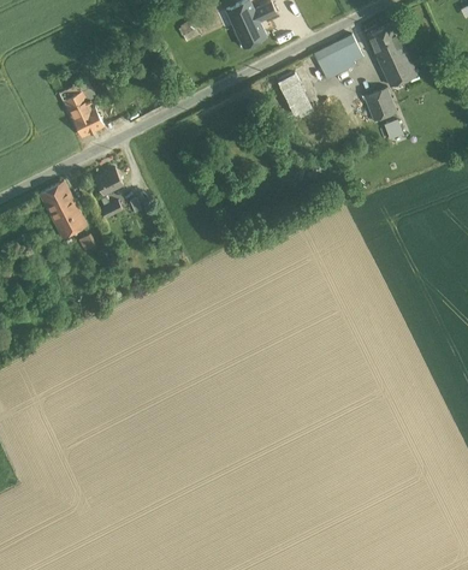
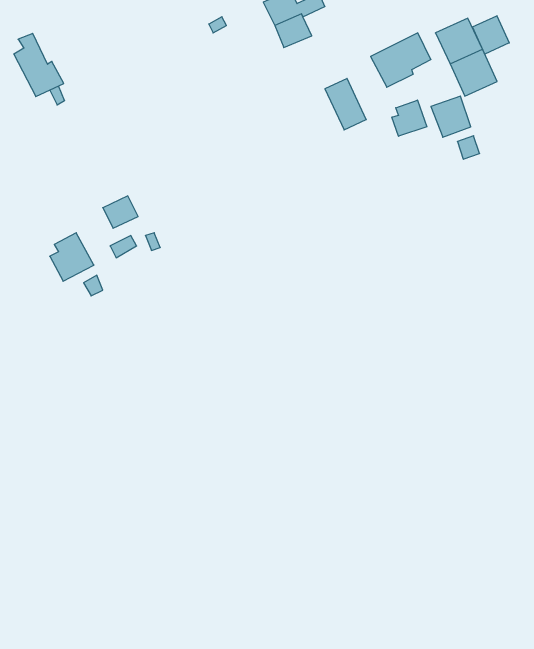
building: none -> [472,16,509,54]
building: [63,83,103,135] -> [14,33,64,97]
building: none -> [392,100,427,136]
building: [38,180,72,218] -> none

